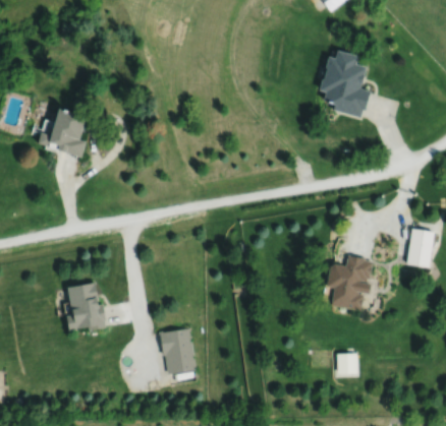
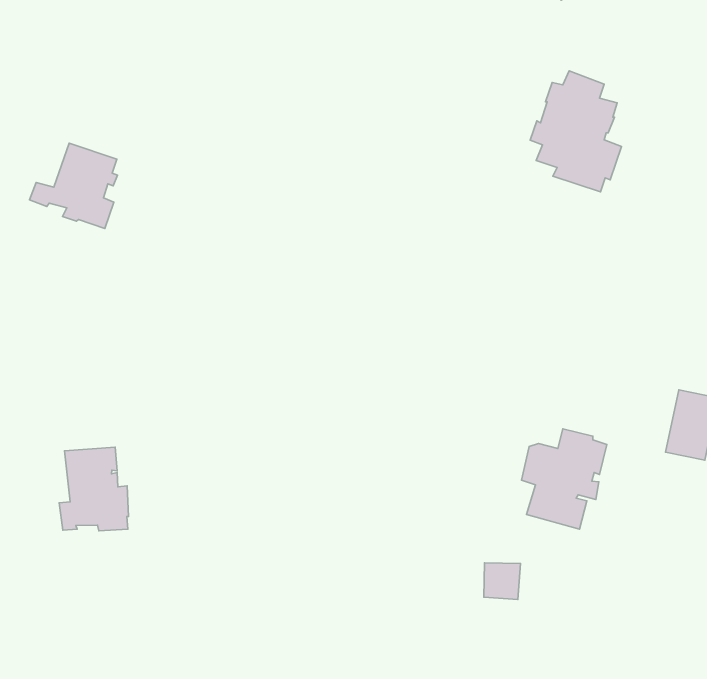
building: [159,327,197,373] -> none
building: [337,352,357,372] -> [484,563,520,599]

